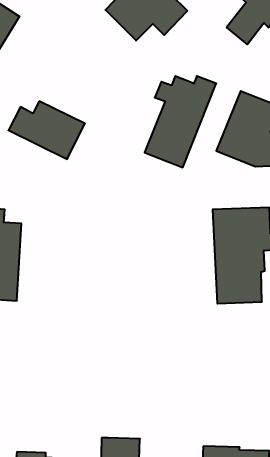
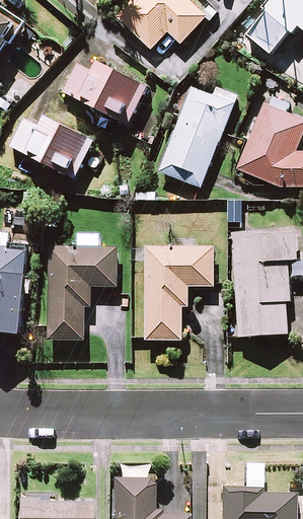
building: none -> [63,60,146,124]
building: none -> [47,233,117,340]
building: none -> [144,245,213,339]

